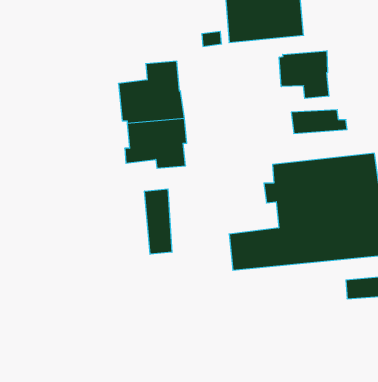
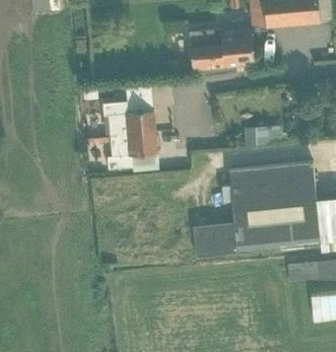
building: [279,51,329,98] -> none
building: [145,189,172,254] -> none

